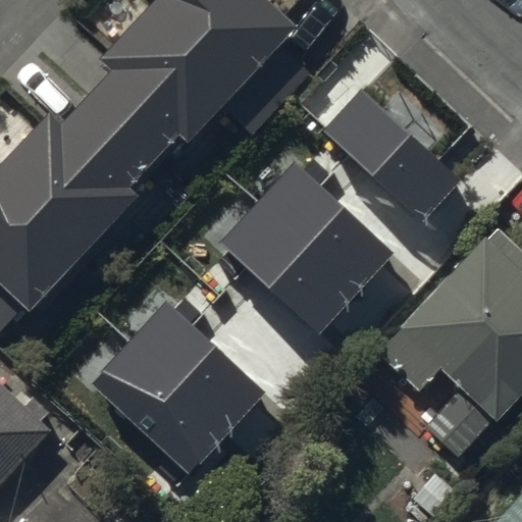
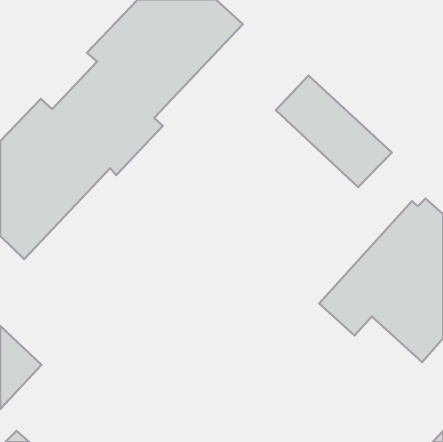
building: [220,162,395,334] -> none
building: [91,301,265,474] -> none

